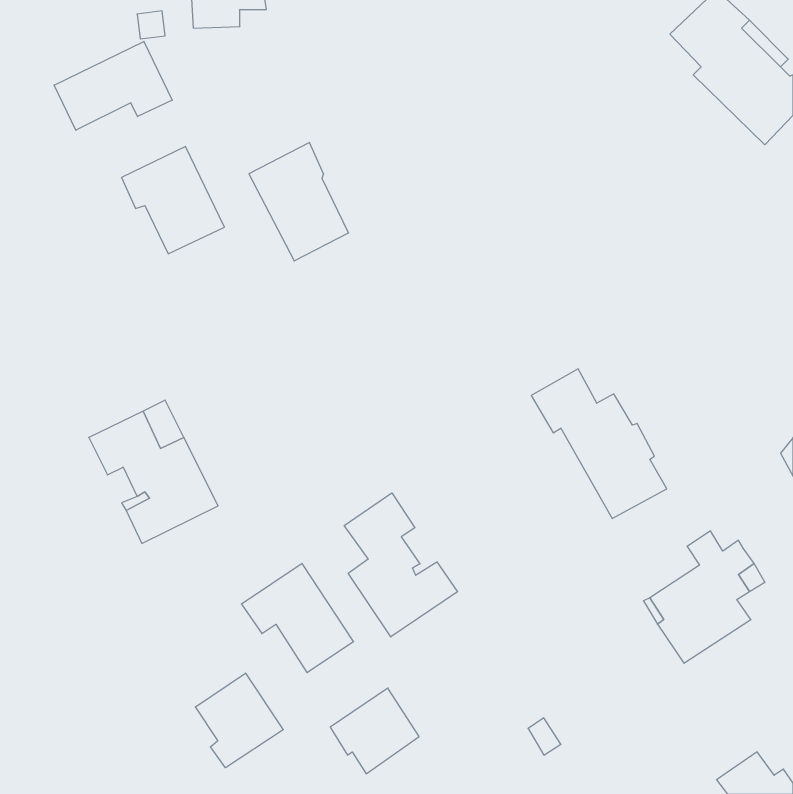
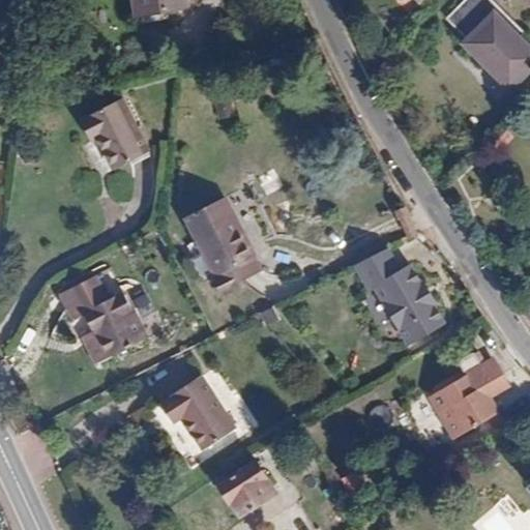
building: [54,41,172,130] -> none
building: [249,143,349,261] -> [184,197,251,275]
building: [344,493,458,637] -> none
building: [195,673,283,768] -> none

